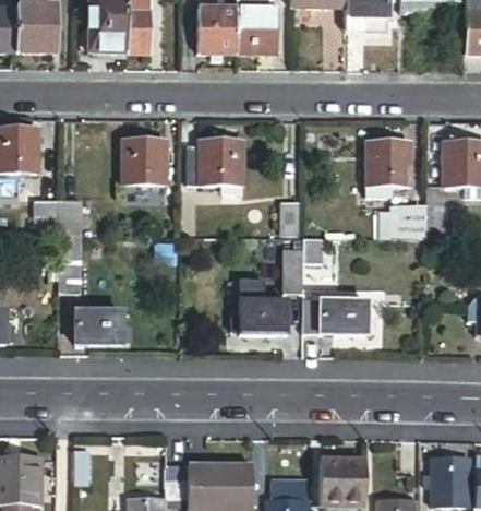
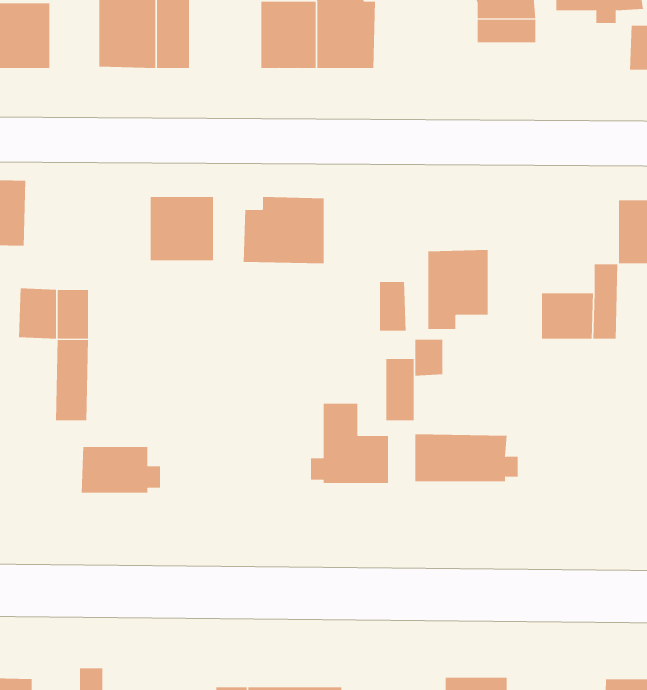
building: [366,138,408,192] -> [427,250,488,330]

